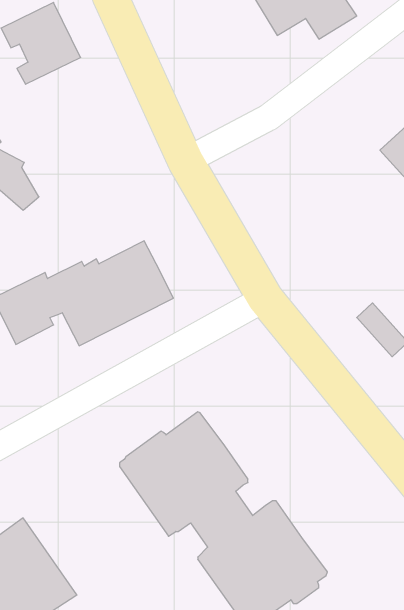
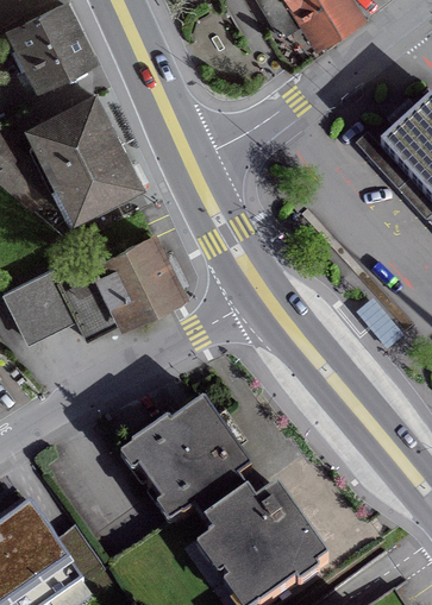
building: none -> [33,95,142,220]

